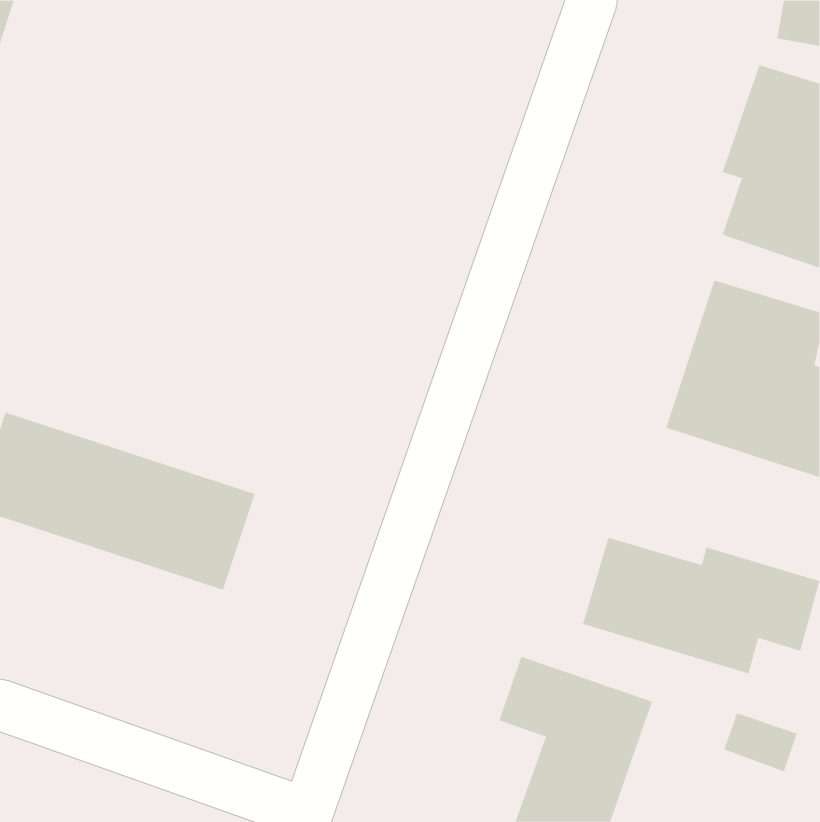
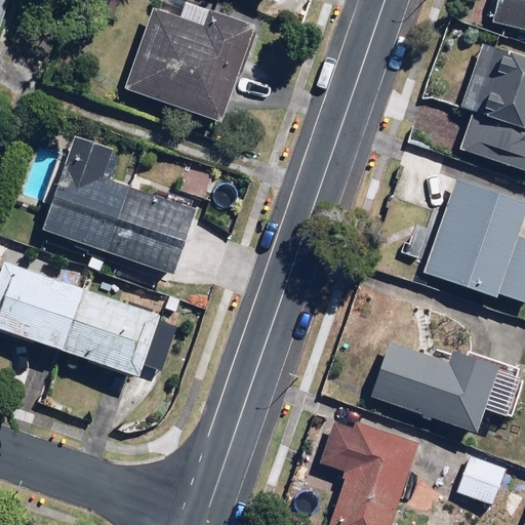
building: none -> [125,6,256,124]
building: none -> [41,135,198,278]

